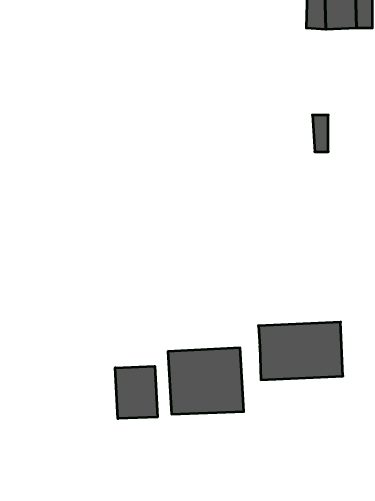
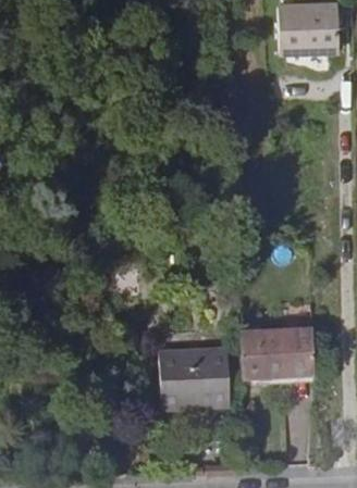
building: [115,366,157,419] -> none

